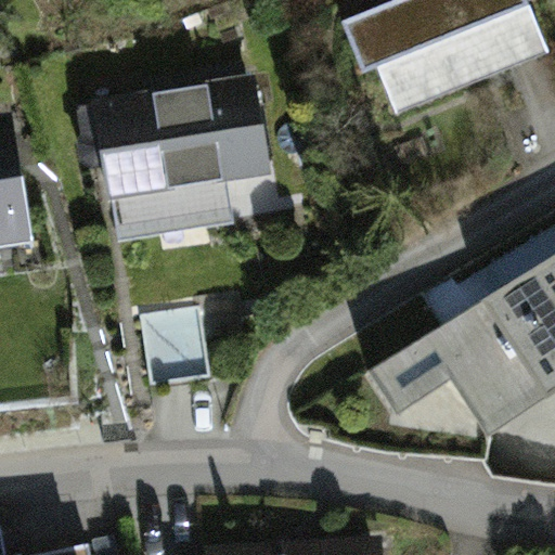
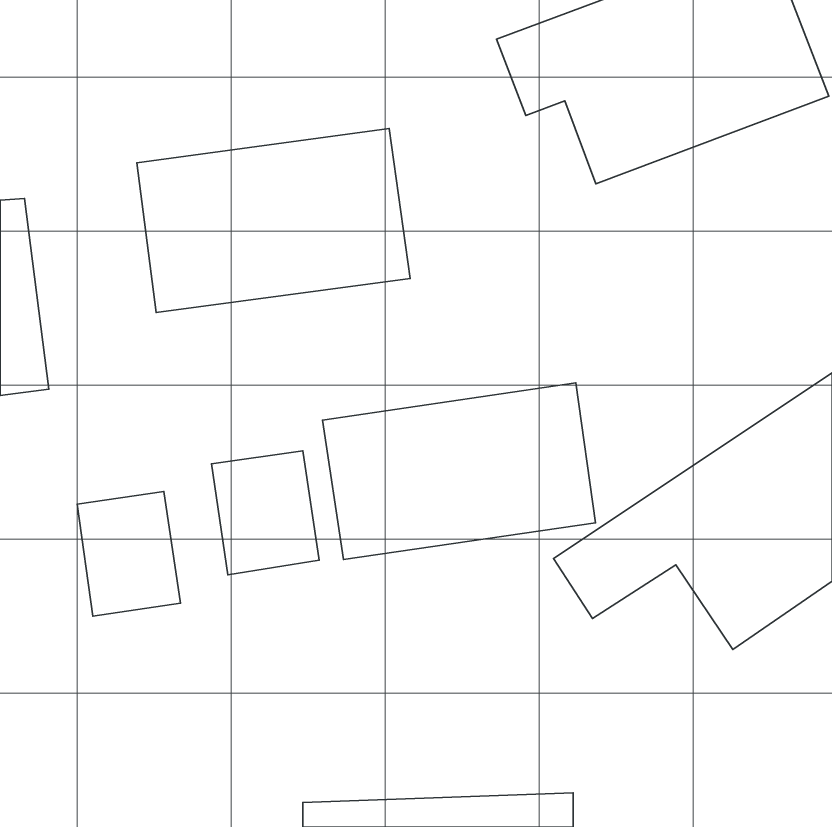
building: none -> [322,383,596,560]
building: none -> [77,492,180,616]

